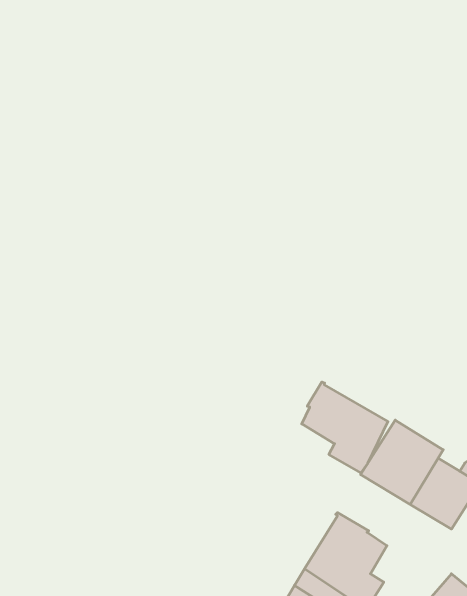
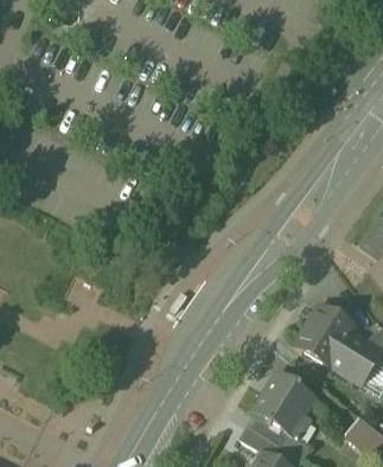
building: [302,382,388,473] -> none

